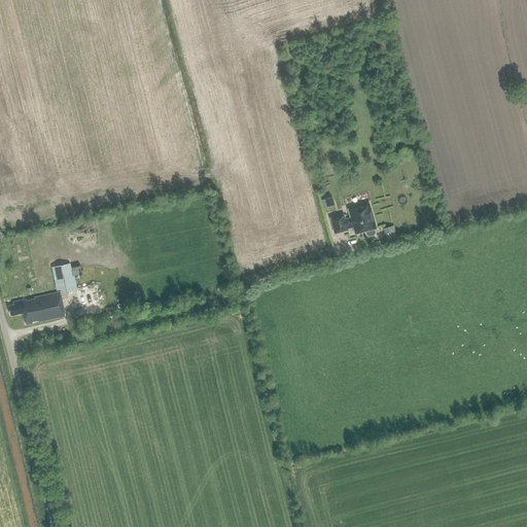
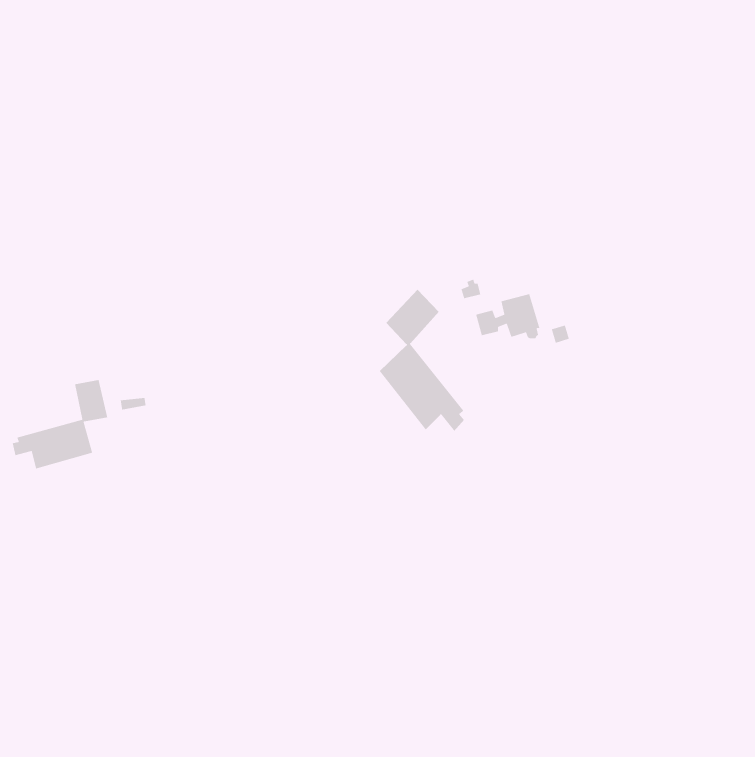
building: none -> [379,289,465,432]

